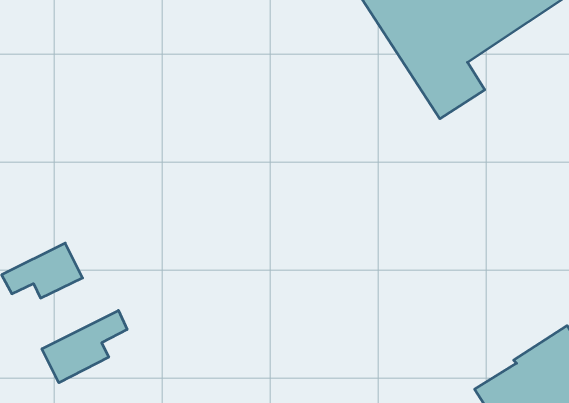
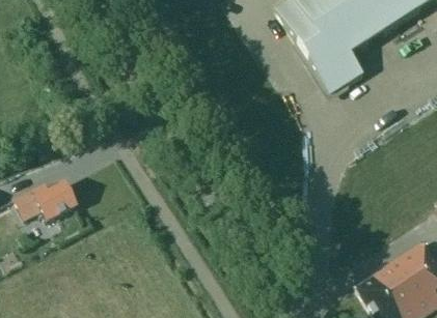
building: [42,310,127,383] -> none

